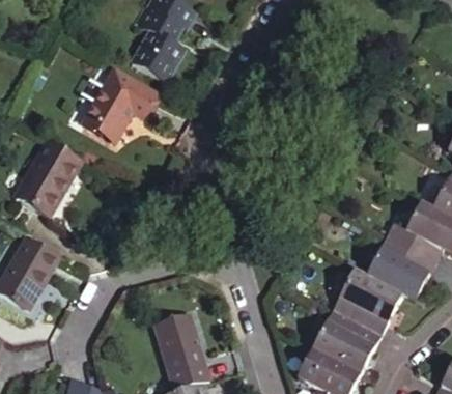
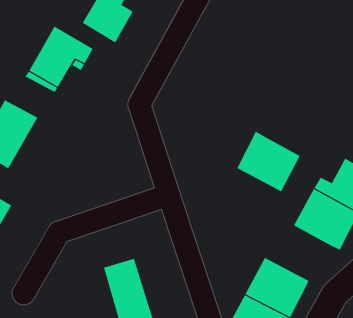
building: [332,271,401,337] -> [237,131,301,192]

